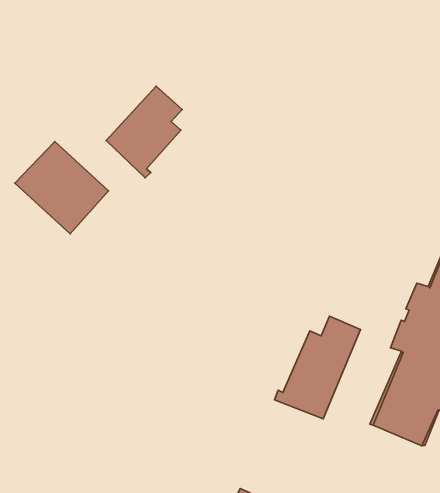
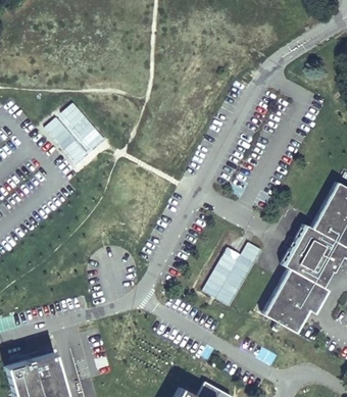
building: [106,86,182,178] -> none

